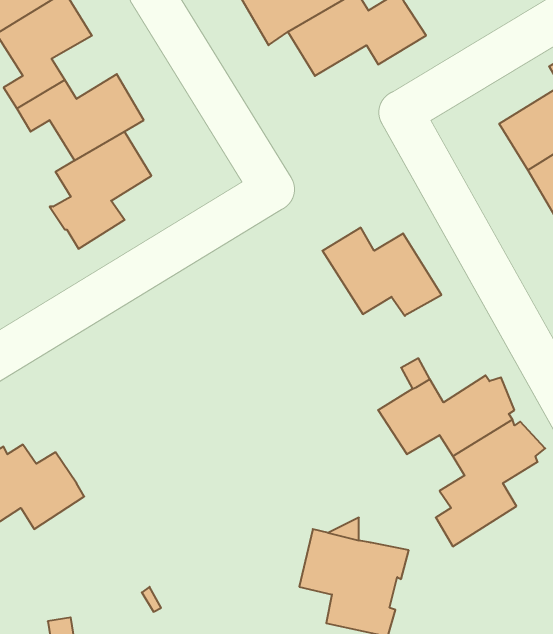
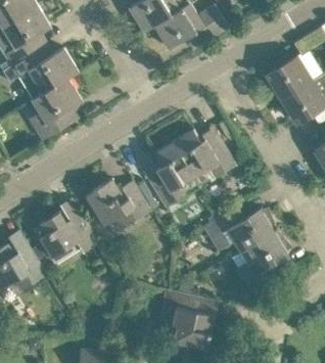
building: none -> [146,141,194,206]
building: none -> [86,179,150,227]
building: none -> [33,211,98,256]

